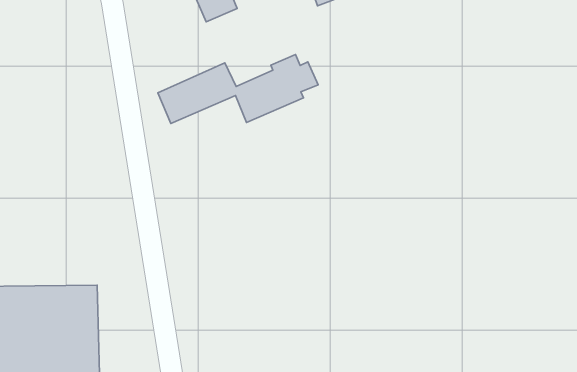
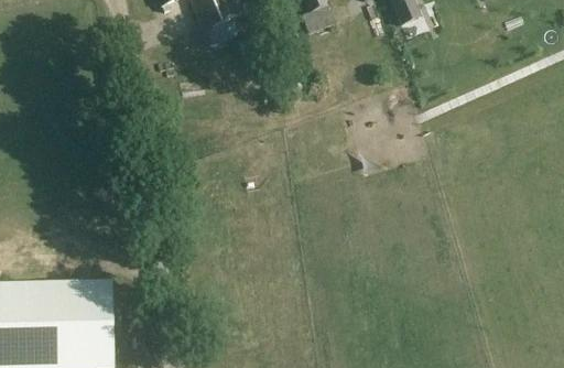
building: [158,54,318,123] -> none

